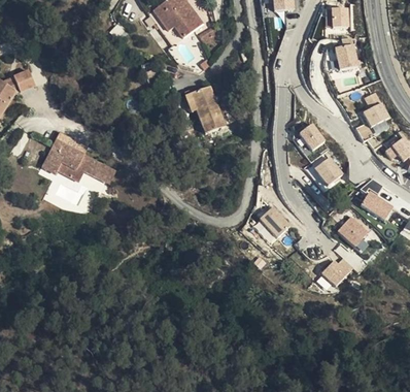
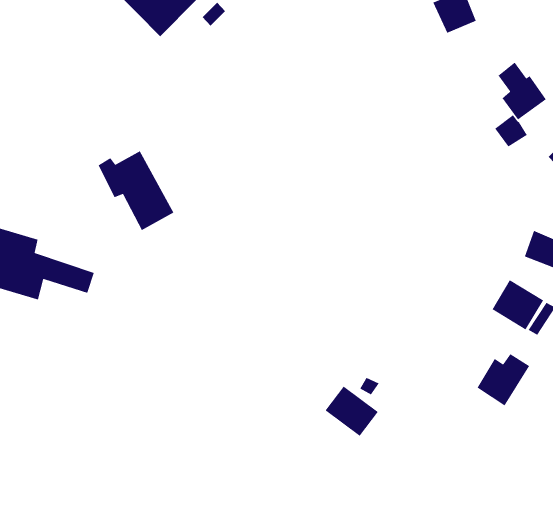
building: [184,89,224,135] -> [98,150,175,231]
building: [299,124,326,152] -> none
building: [314,158,342,186] -> none
building: [260,206,291,237] -> [325,385,379,437]

